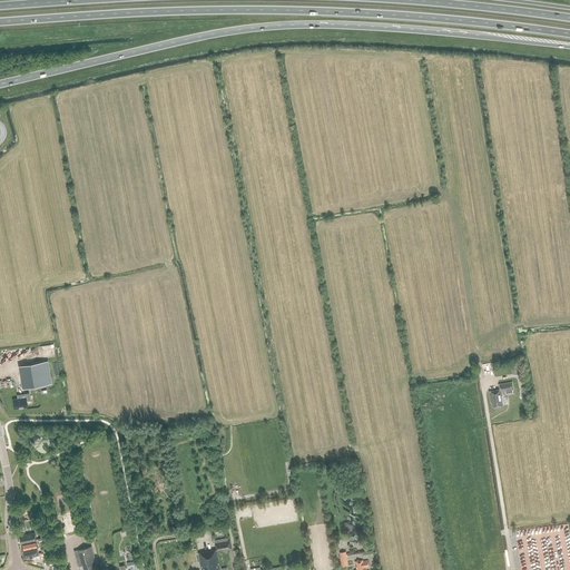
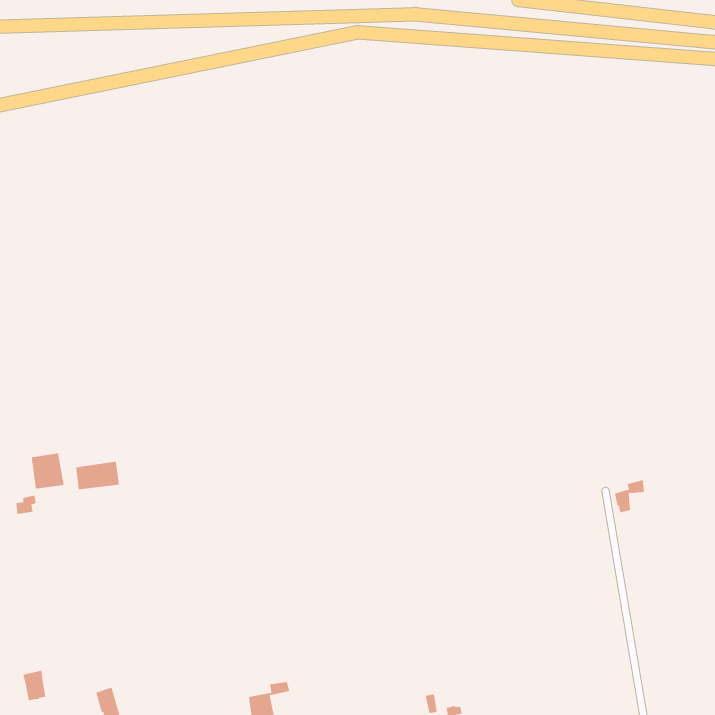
building: none -> [76,461,120,490]

